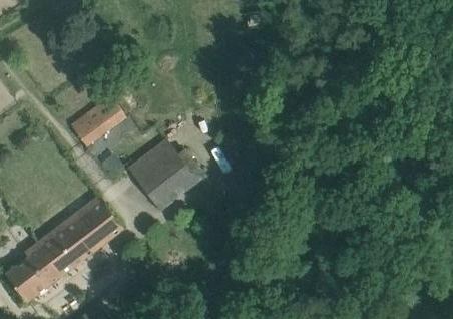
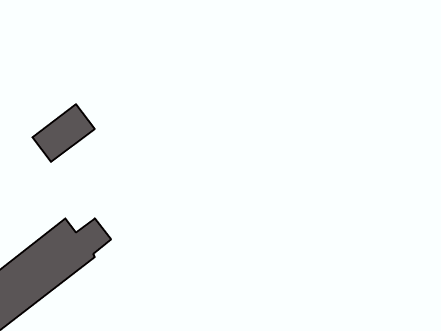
building: [128,139,192,204] -> none

